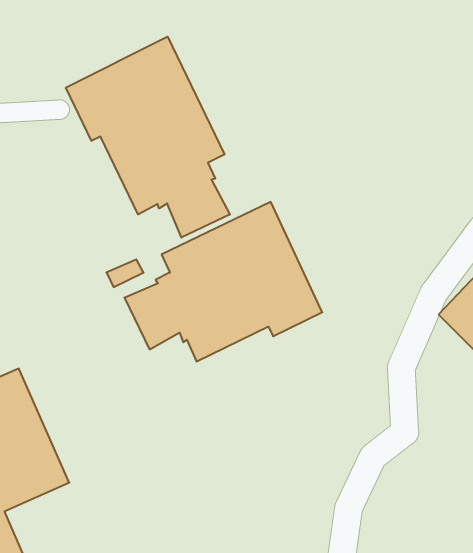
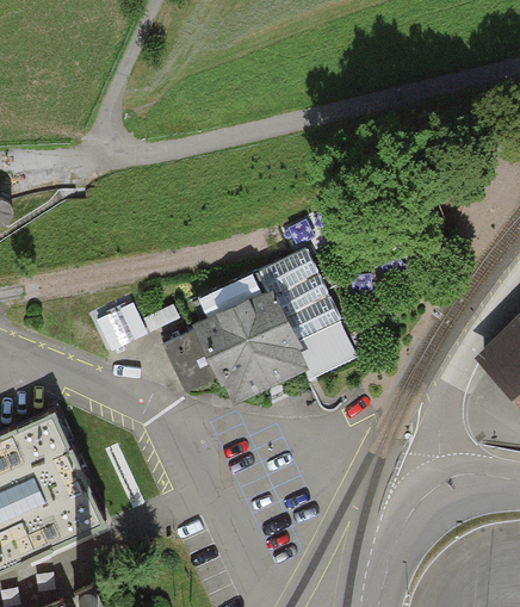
building: [66,37,230,238] -> none
building: none -> [97,301,148,349]

